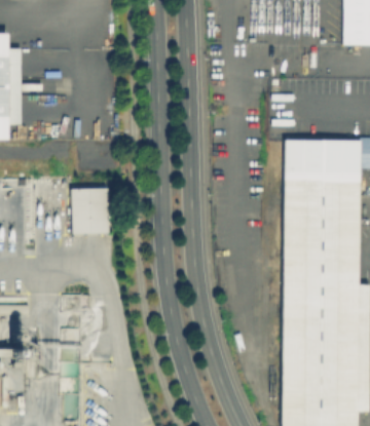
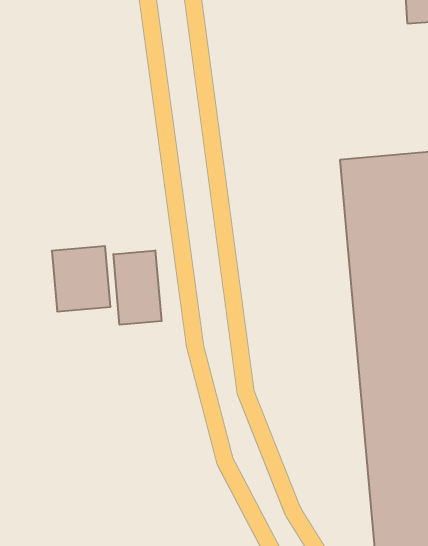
building: none -> [113,250,162,325]

